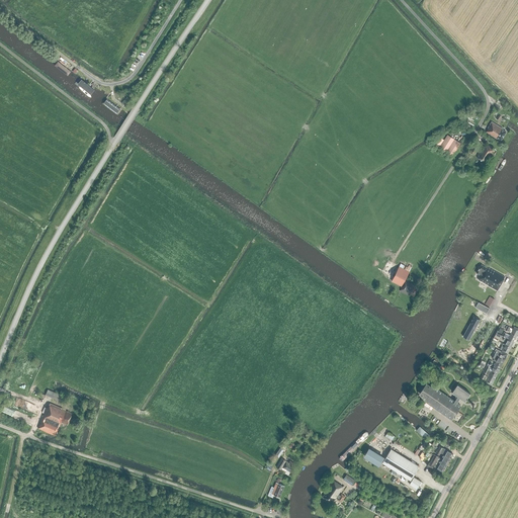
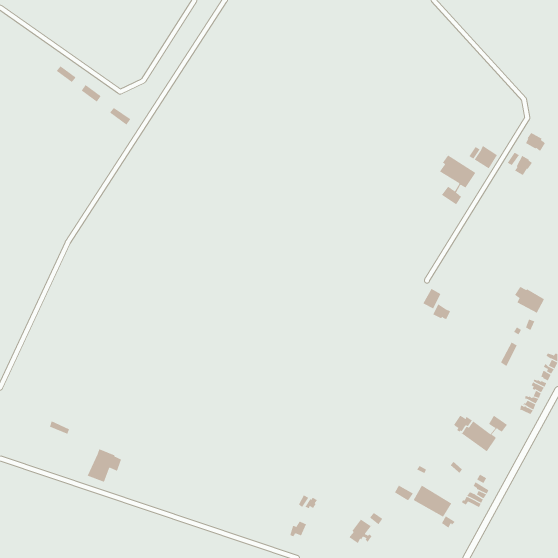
building: none -> [439,153,476,205]
building: [38,404,71,435] -> [87,449,122,482]

